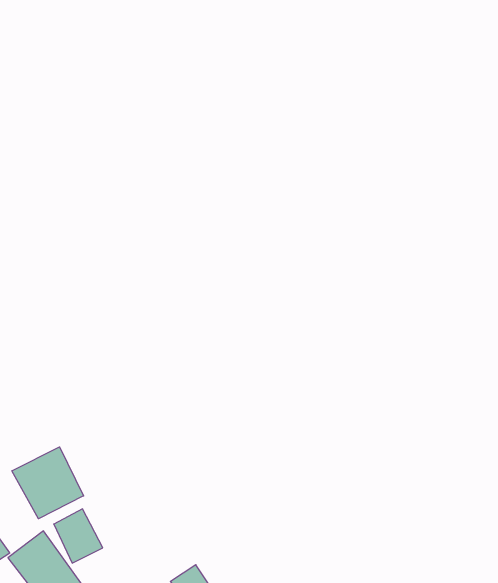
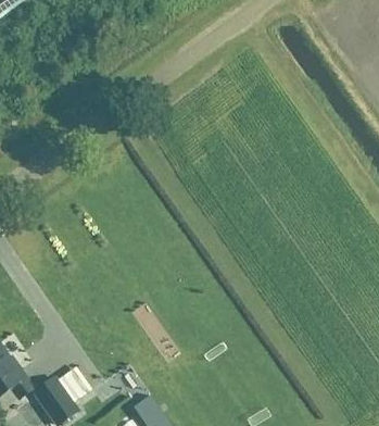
building: [12,447,84,519] -> none

